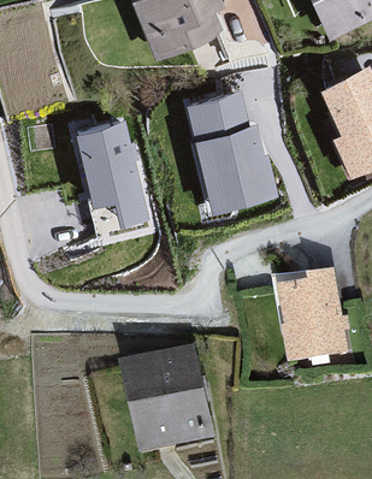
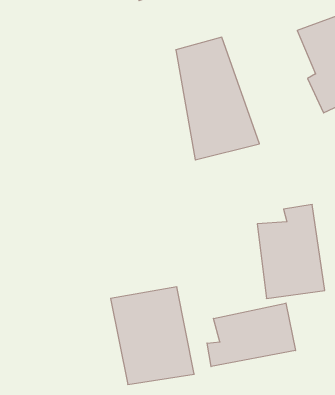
building: [73,119,155,247] -> none
building: none -> [207,303,295,367]

